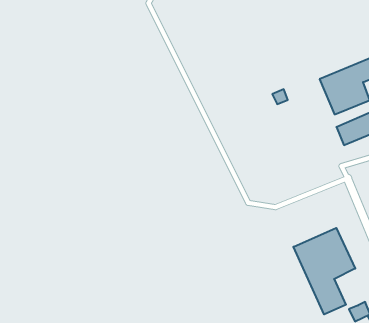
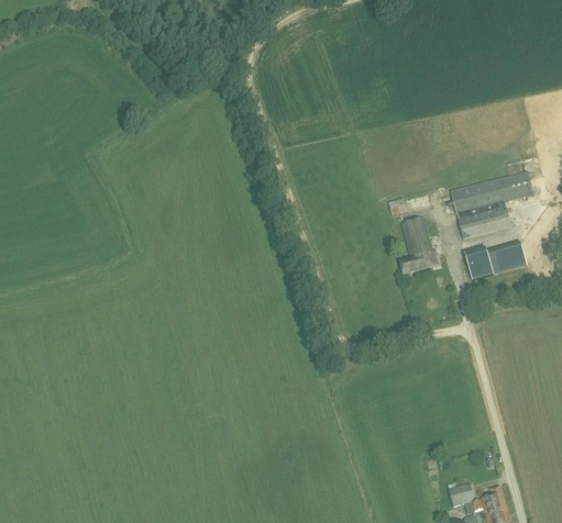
building: none -> [399,216,438,274]
building: [293,228,355,314] -> none

